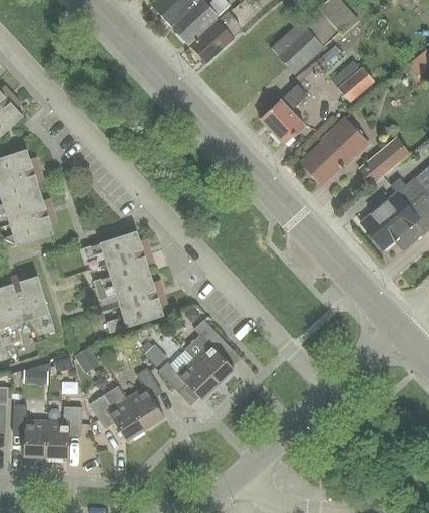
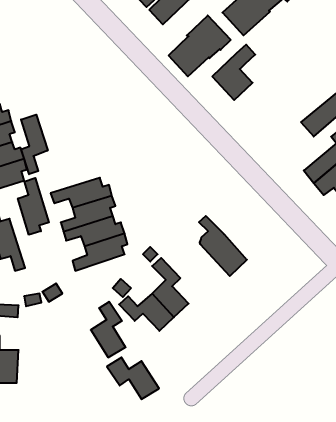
building: [333,59,375,101] -> none
building: [300,118,368,185] -> [169,15,231,76]
building: none -> [21,115,48,174]
building: none -> [18,178,49,235]
building: none -> [199,216,247,276]
building: [88,394,145,440] -> [107,357,159,399]
building: [45,406,82,457] -> none

